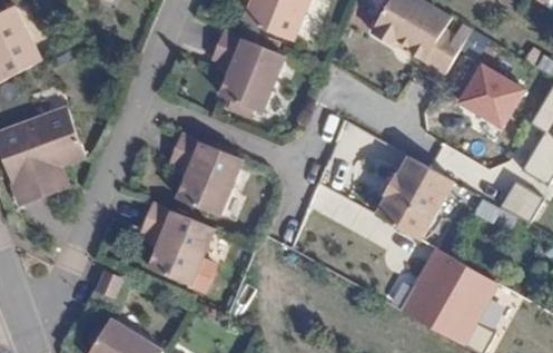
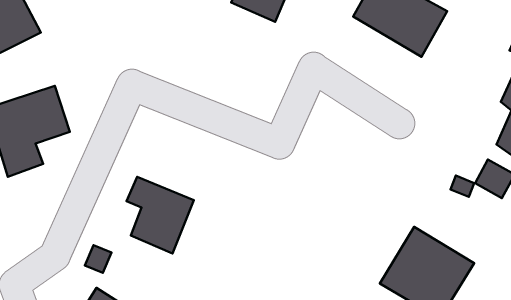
building: [217,32,286,110] -> none
building: [458,66,529,133] -> none
building: [169,133,240,213] -> none
building: [379,161,454,241] -> none

